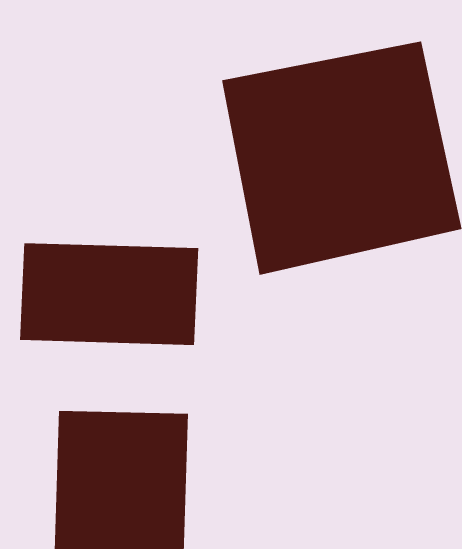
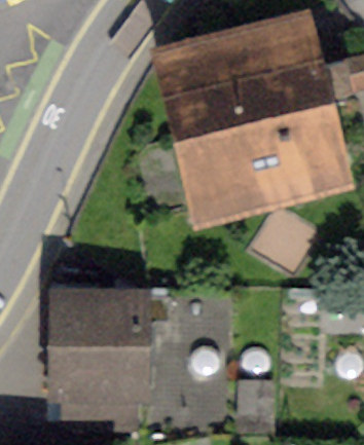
building: [19,242,199,346] -> none

